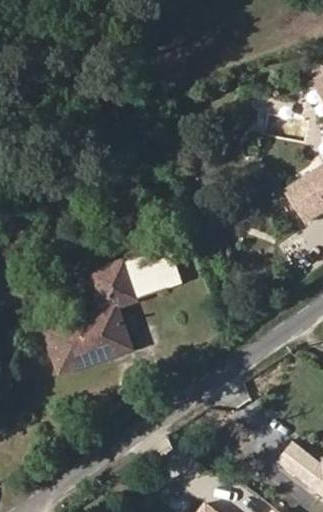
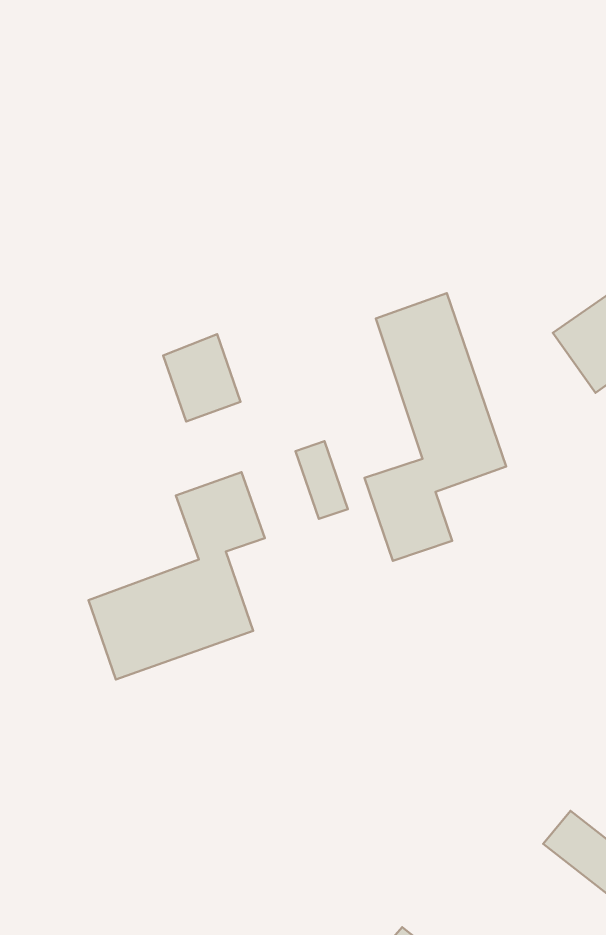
building: none -> [364,293,506,561]
building: [125,254,165,299] -> [163,334,240,421]

